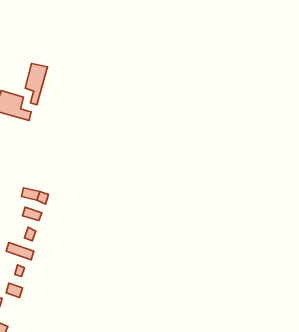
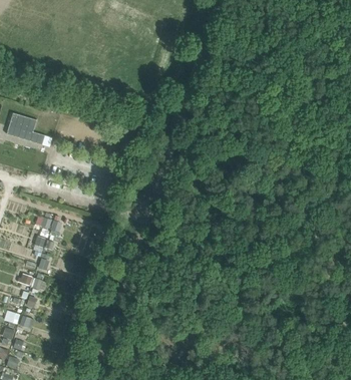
building: [25,64,47,105] -> none

